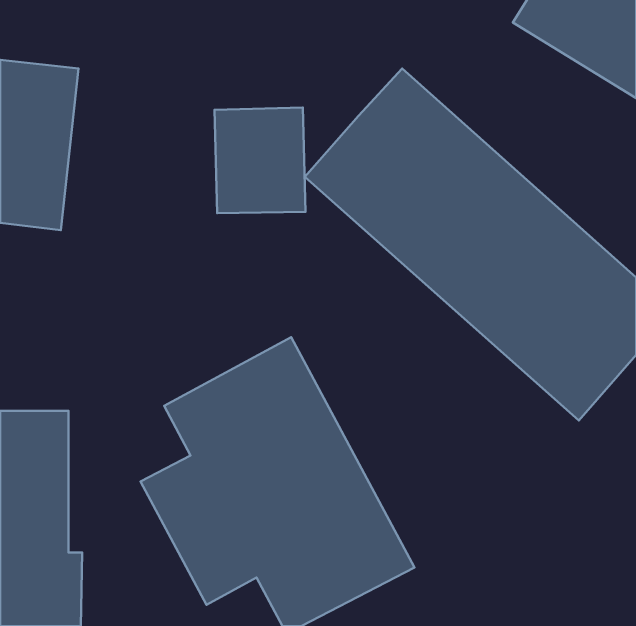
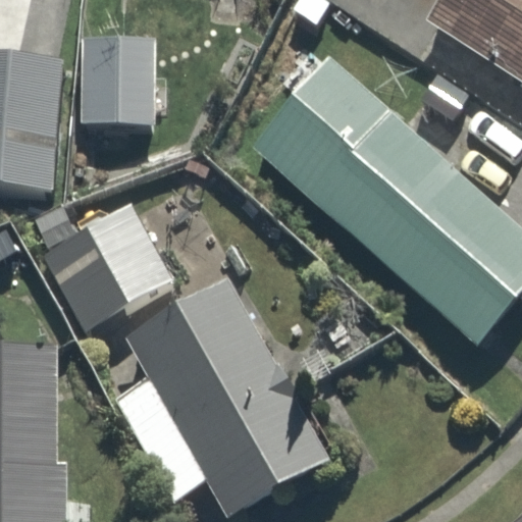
building: [215,107,305,213] -> [80,42,154,128]
building: none -> [39,195,185,328]

